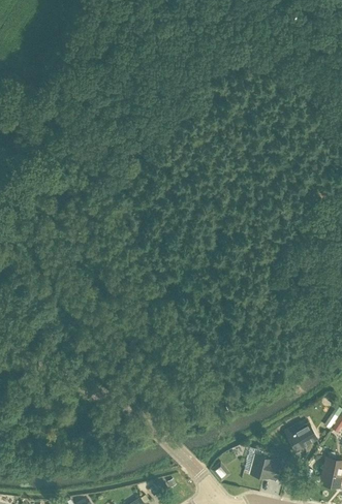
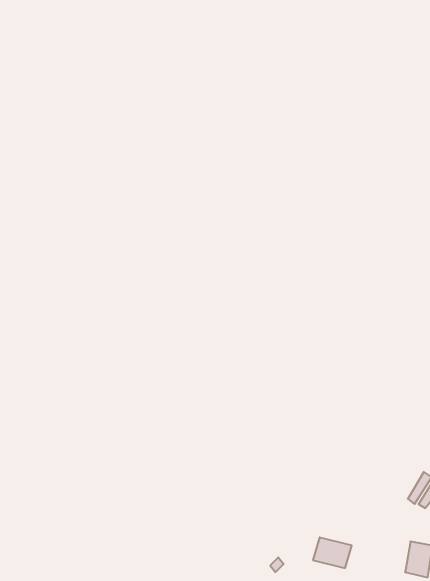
building: [285,423,316,450] -> none

